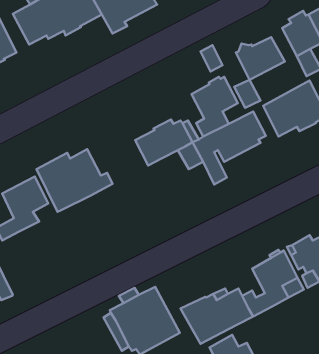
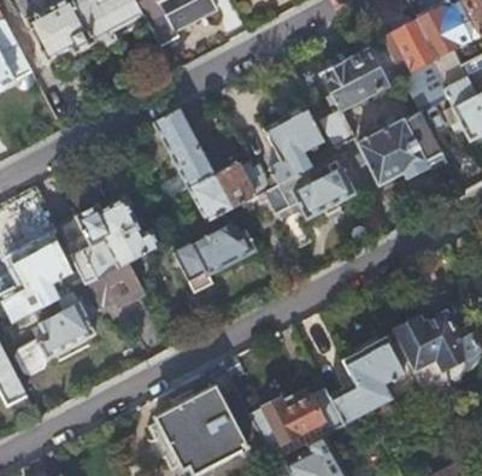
building: none -> [153,110,214,206]
building: none -> [175,213,255,292]
building: none -> [92,263,151,316]
building: none -> [14,292,94,375]

